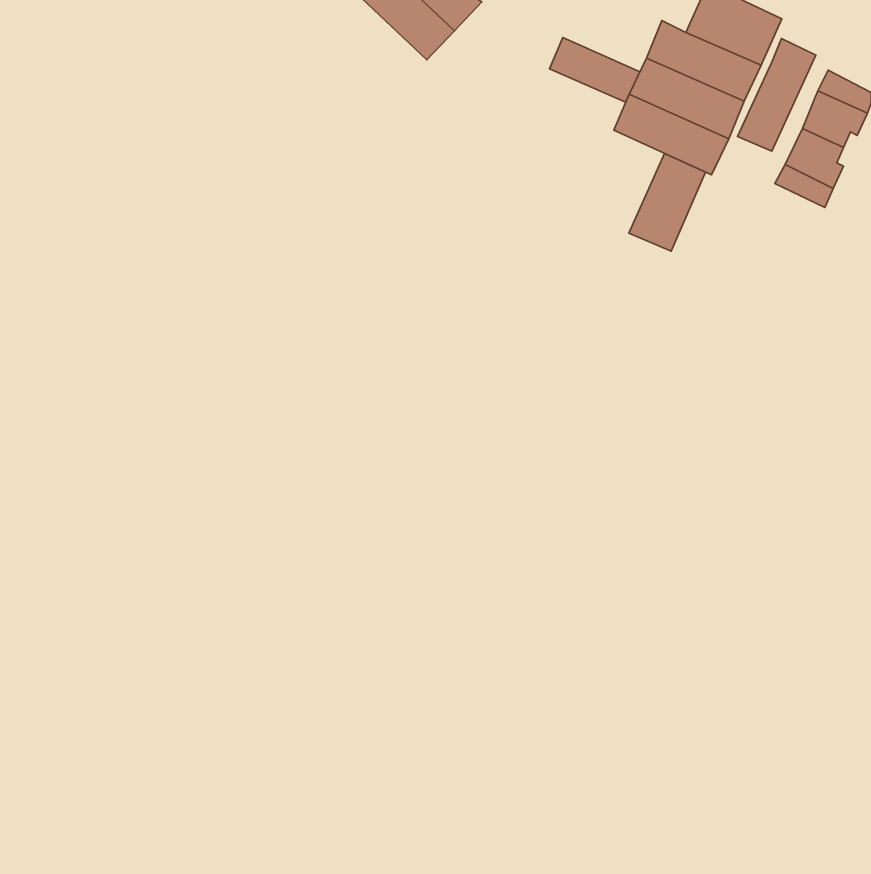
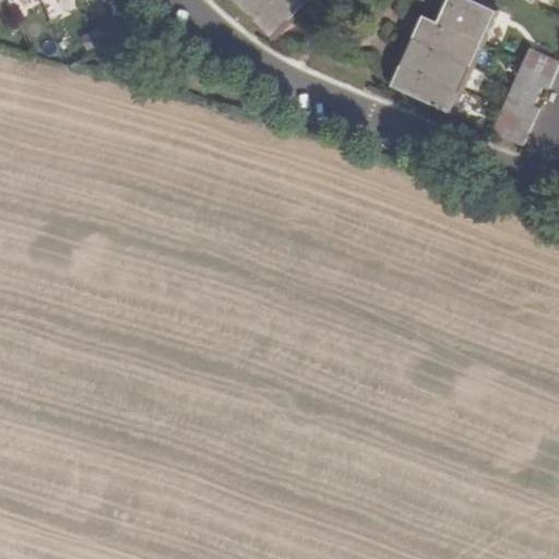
building: [549,37,640,102] -> none
building: [737,38,816,151] -> none
building: [629,153,706,251] -> none

